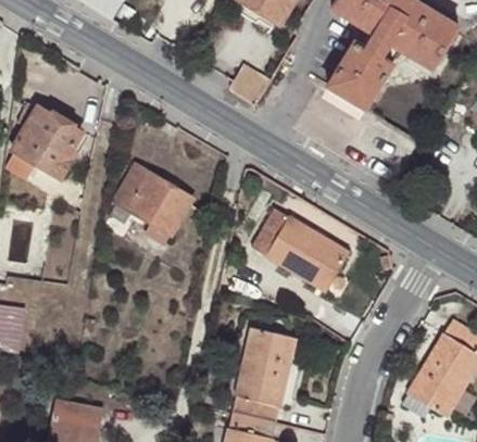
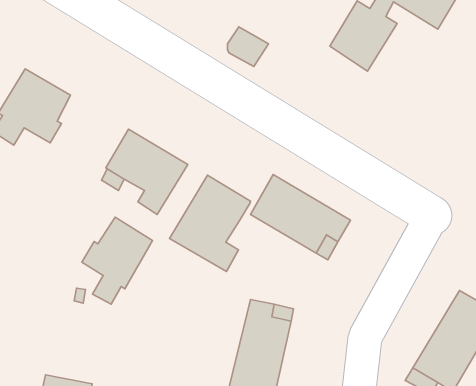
building: none -> [170,175,251,272]
building: none -> [82,217,153,304]

